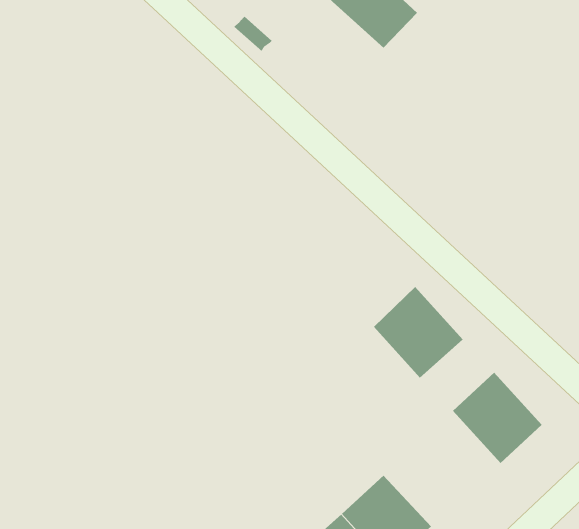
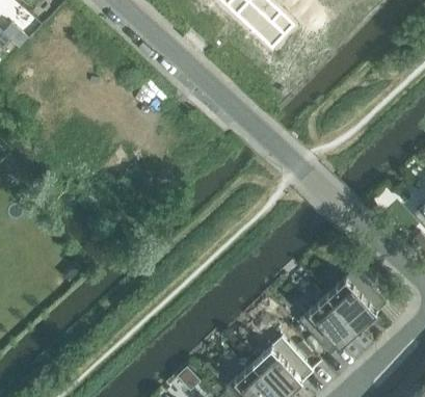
building: [373,286,464,378] -> [300,293,361,354]

